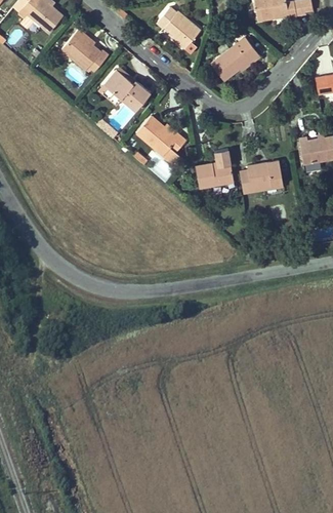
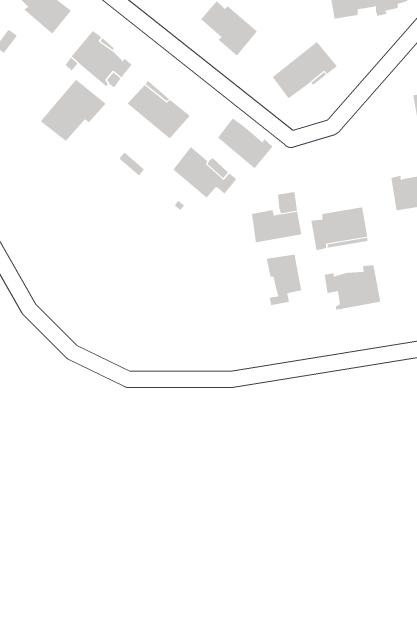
building: none -> [40,79,106,142]
building: none -> [217,118,273,169]
building: none -> [266,254,302,306]
building: none -> [324,265,381,310]

